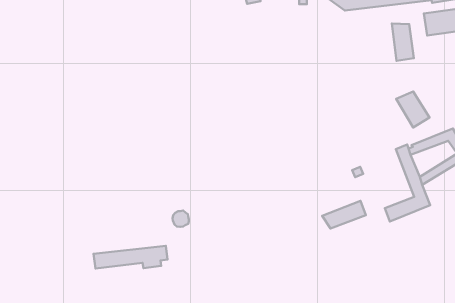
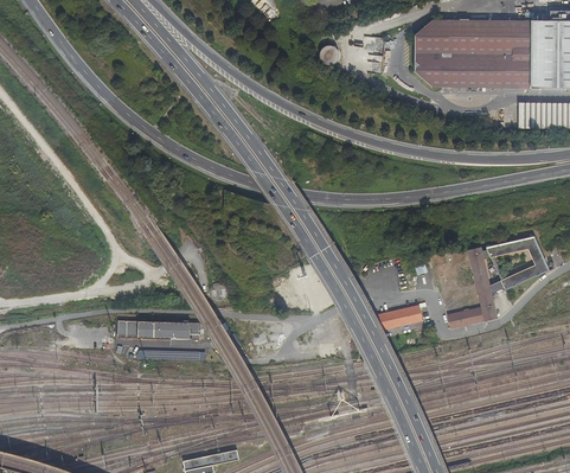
building: [392,24,414,61] -> none
building: [396,91,430,128] -> none

